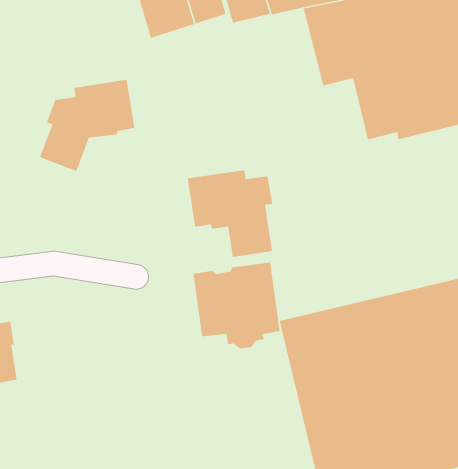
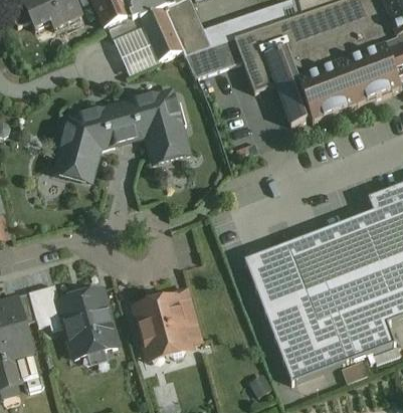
building: none -> [185,36,242,75]
building: [187,170,273,258] -> [116,90,183,154]
building: [192,262,281,349] -> [134,290,201,355]
building: none -> [58,287,118,356]

